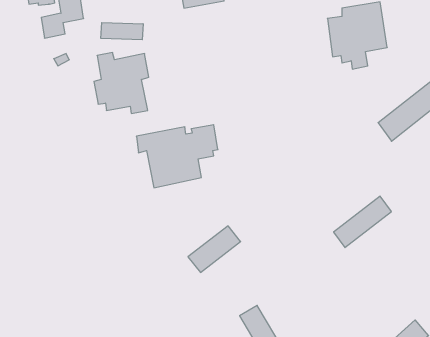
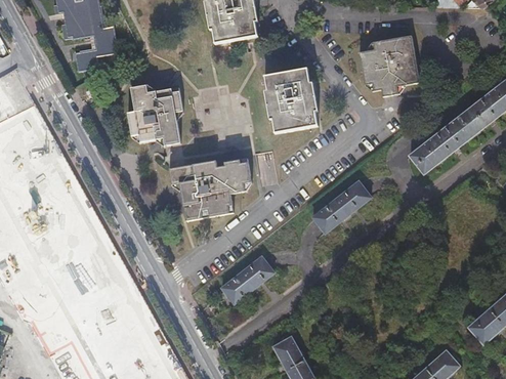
building: [101,23,143,40] -> none
building: none -> [264,68,318,132]
building: [334,196,391,248] -> [312,181,370,233]

